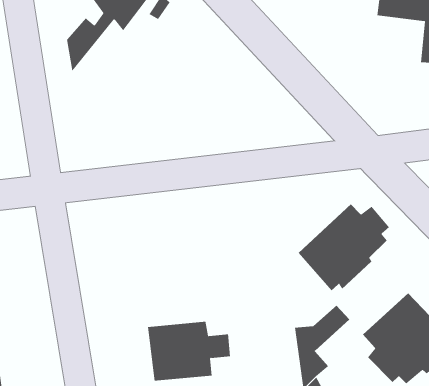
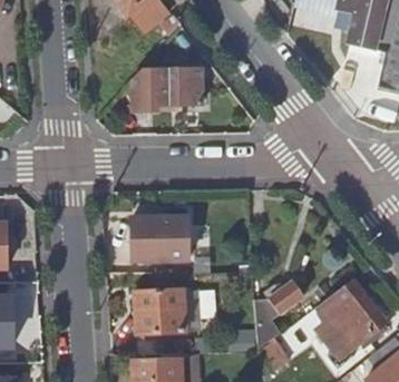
building: none -> [133,69,205,112]
building: [298,204,390,291] -> none
building: none -> [132,216,192,262]

